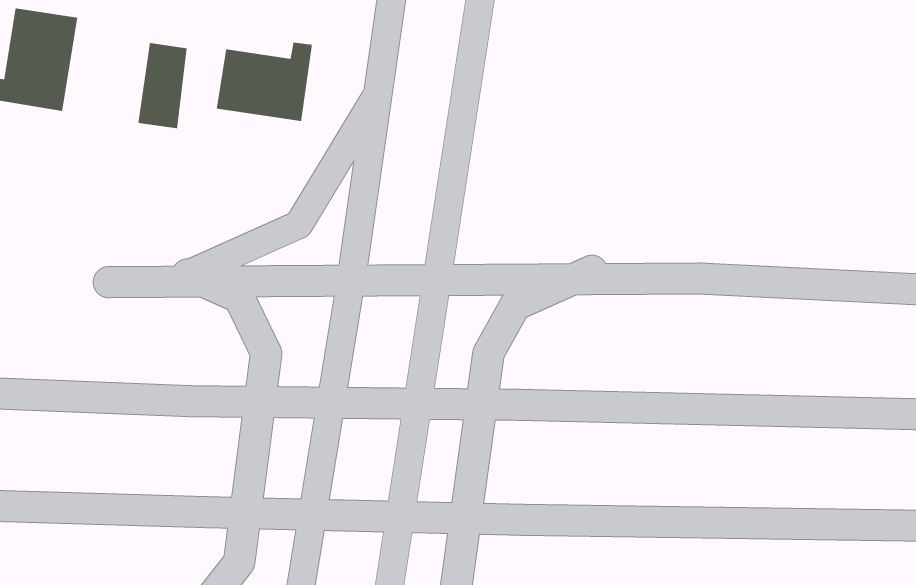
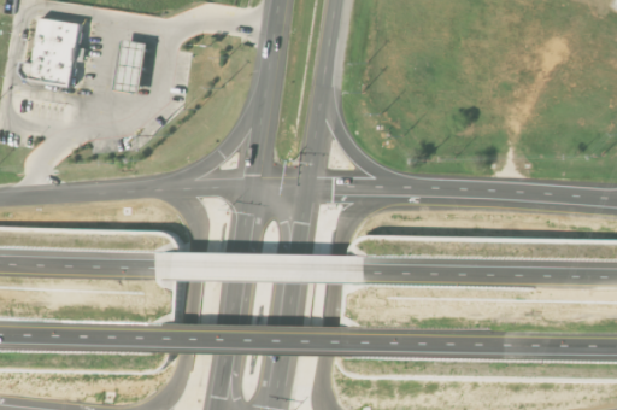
building: [216,42,312,122] -> none

